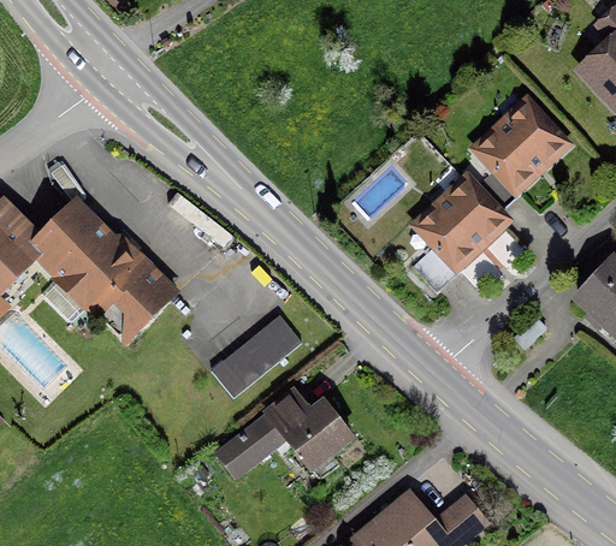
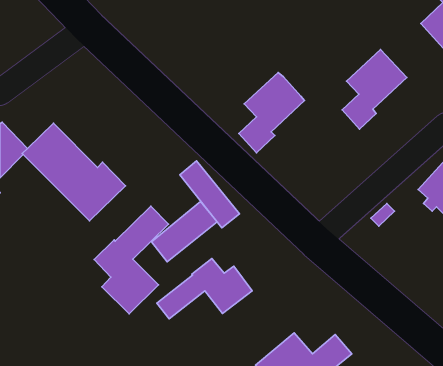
building: [411,180,502,291] -> [239,72,304,153]
building: none -> [180,161,240,228]
building: none -> [94,206,169,314]

